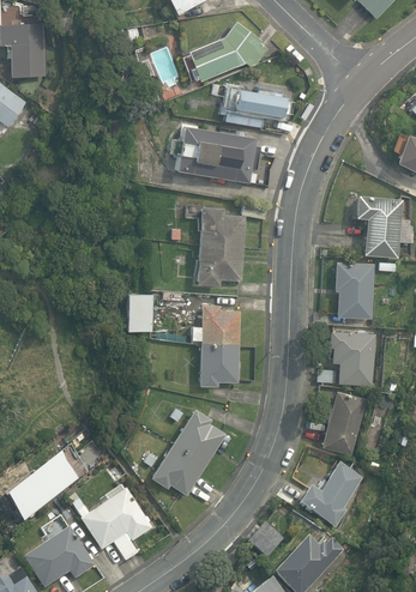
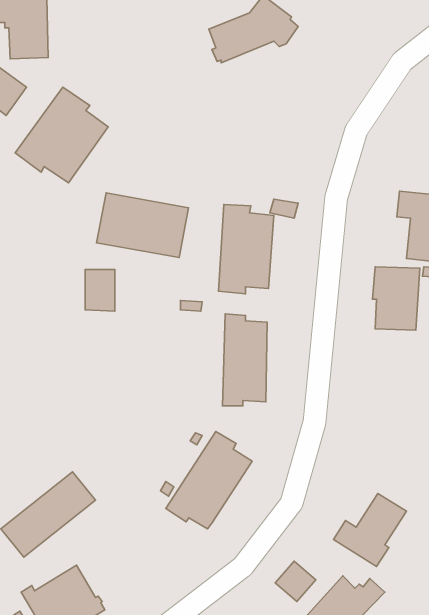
building: [224,90,288,128] -> none
building: none -> [15,87,108,183]
building: [175,126,257,183] -> [97,193,189,258]
building: [127,295,153,332] -> [85,269,115,311]
building: [318,331,376,386] -> none
building: [320,391,367,455] -> none
building: [71,487,152,563] -> none

